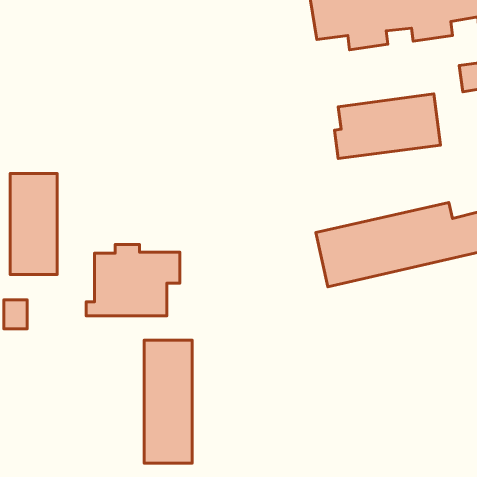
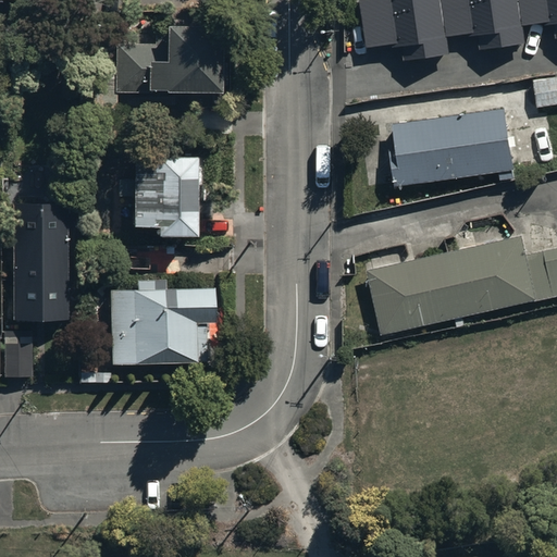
building: none -> [119,33,215,100]
building: none -> [131,160,194,238]
building: [144,340,192,463] -> none

